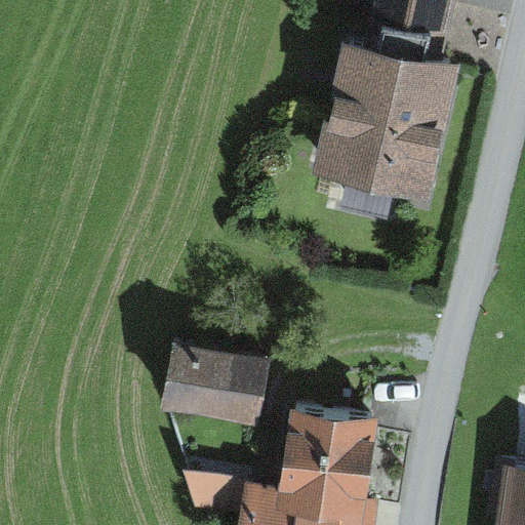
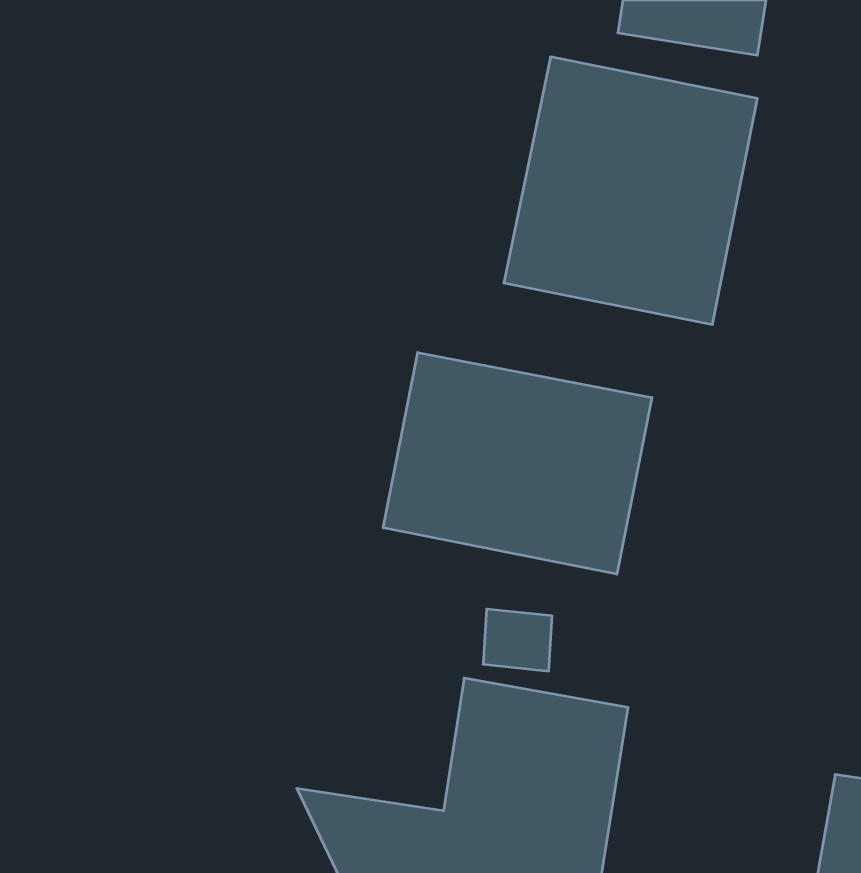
building: none -> [383,352,652,574]
building: [156,344,272,428] -> none

